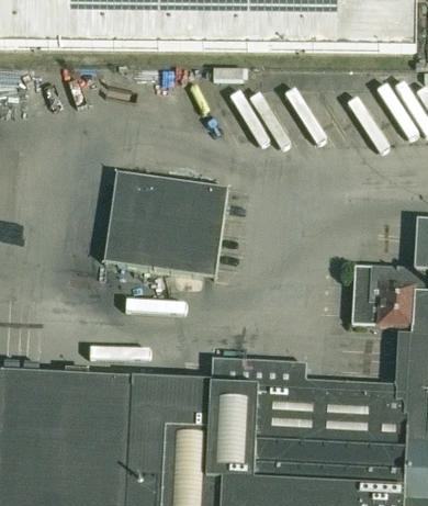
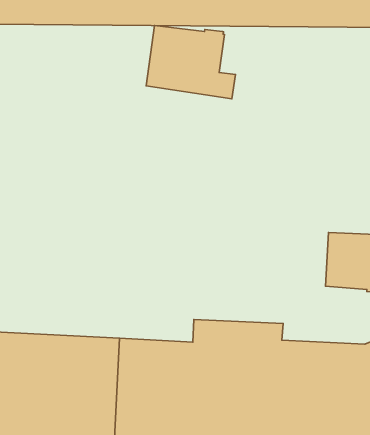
building: none -> [146,26,236,99]
building: [103,169,226,274] -> none

